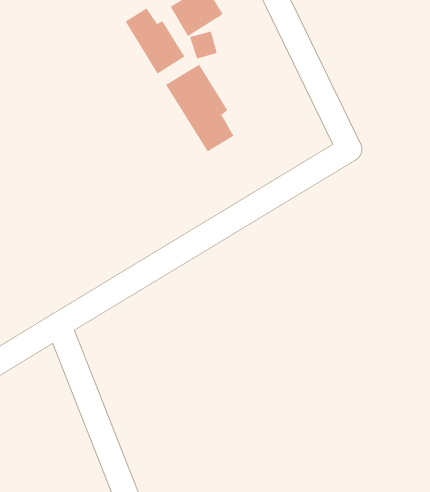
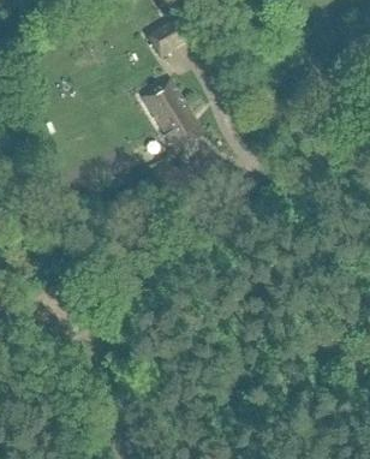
building: [125,8,185,74] -> none

